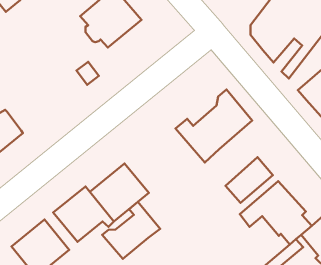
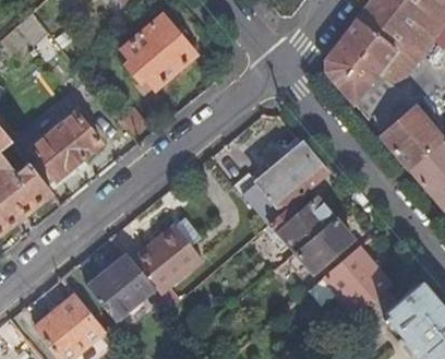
building: none -> [29,110,100,187]
building: none -> [263,200,336,254]
building: [102,202,160,259] -> none

